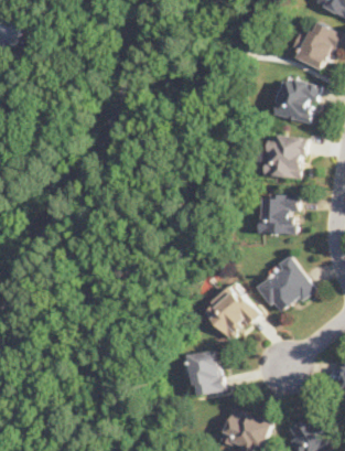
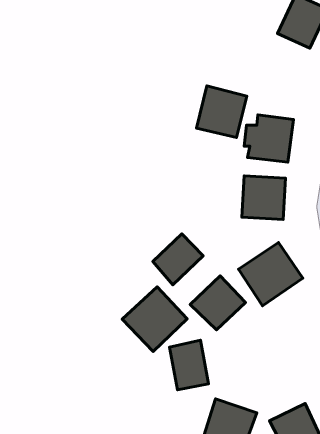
building: [272,75,321,125] -> [196,86,247,137]
building: none -> [153,234,203,285]
building: none -> [122,287,187,352]

